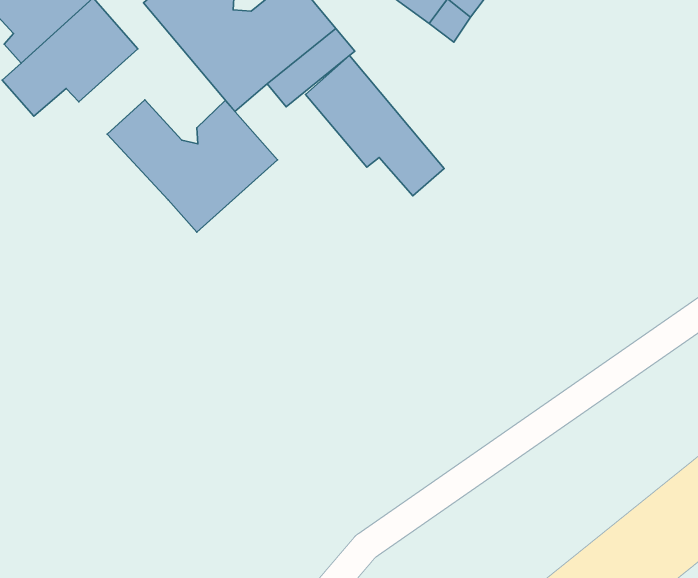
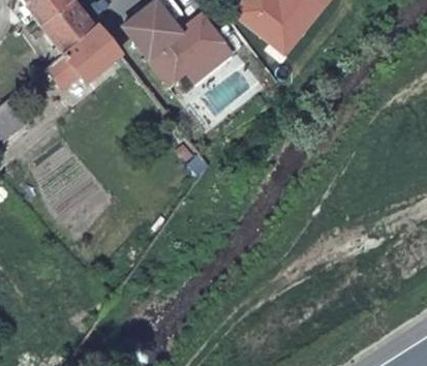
building: [306,56,444,196] -> none
building: [107,100,277,232] -> none

